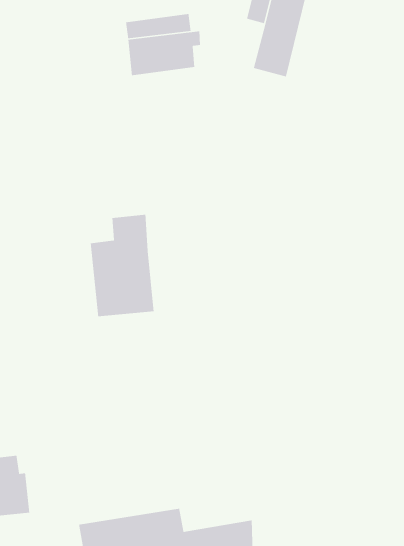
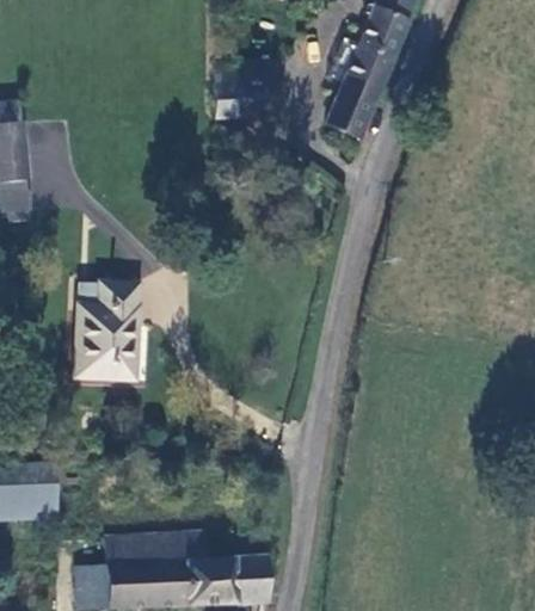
building: [90,214,154,317] -> [78,288,137,383]

